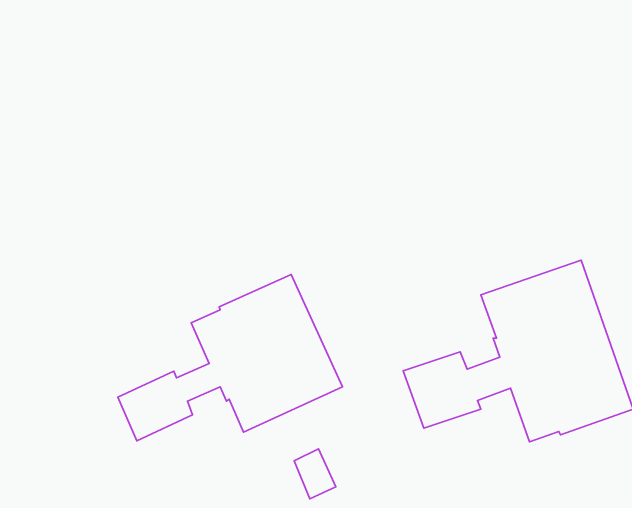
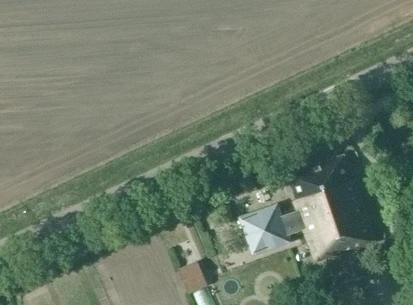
building: [118,275,342,441] -> none

